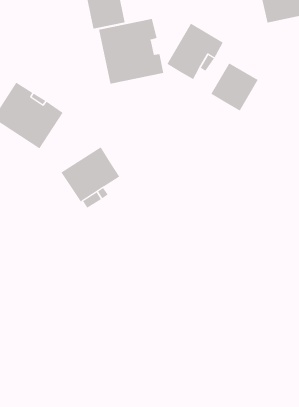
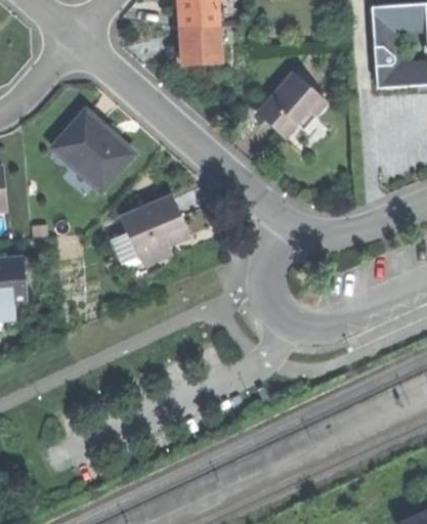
building: [99,18,164,84] -> none
building: [211,62,258,111] -> none

